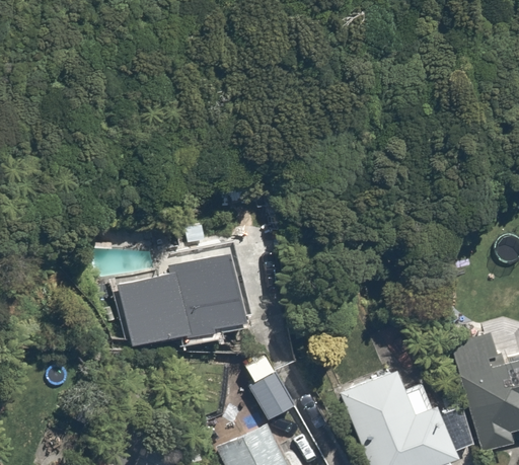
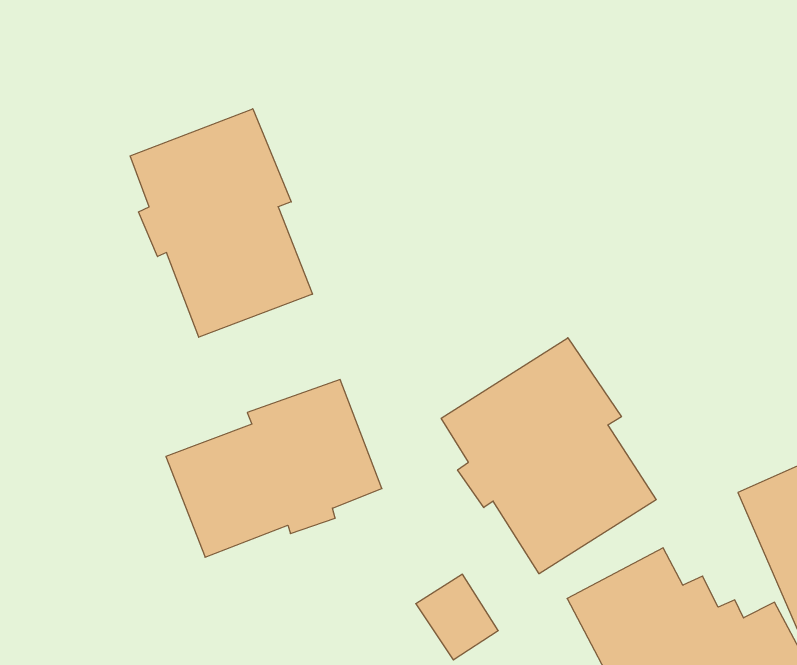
building: none -> [130,109,312,337]
building: none -> [441,338,656,574]

